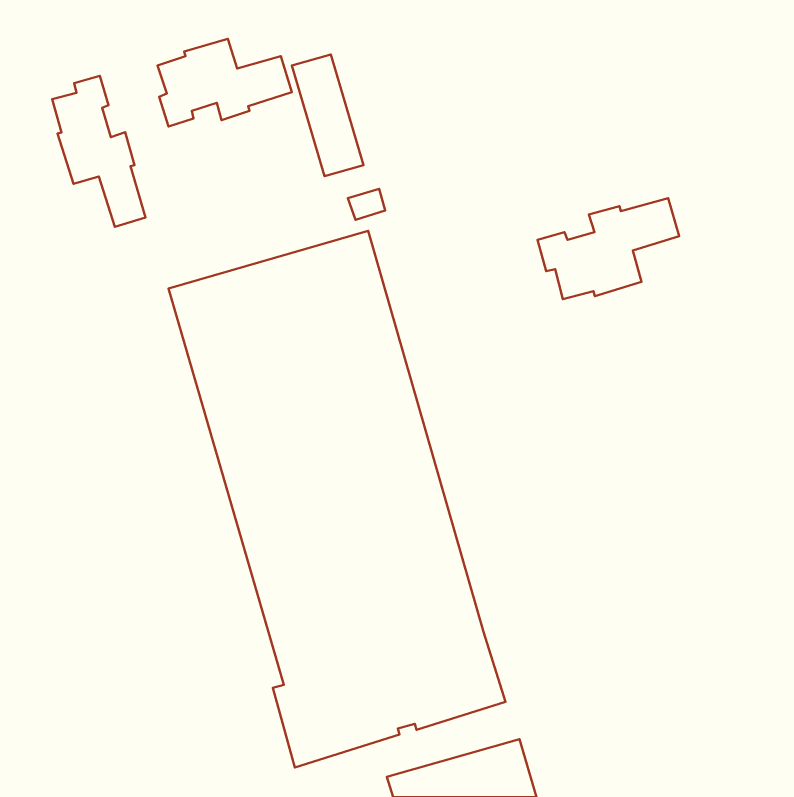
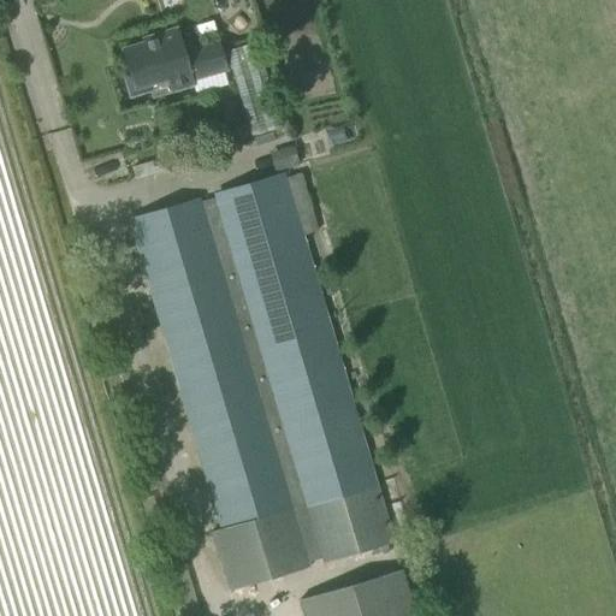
building: [52,76,146,227] -> none
building: [537,198,679,299] -> none

